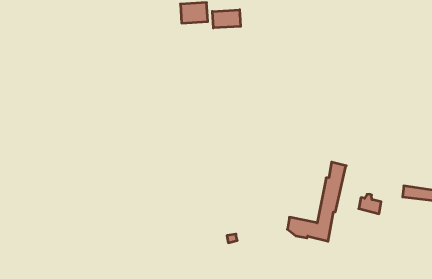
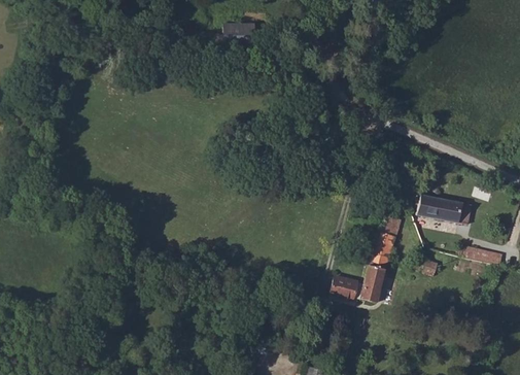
building: [212,10,241,28] -> none
building: none -> [417,195,473,226]

